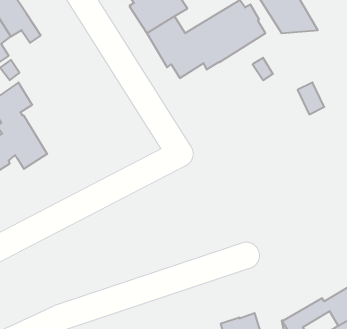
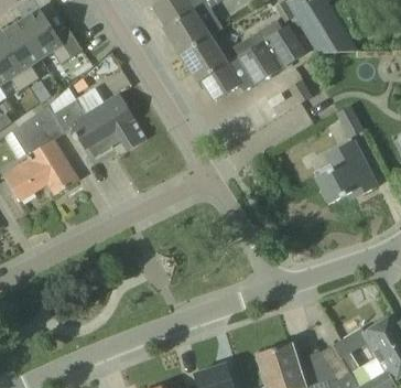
building: none -> [48,87,145,157]
building: none -> [316,140,377,203]

